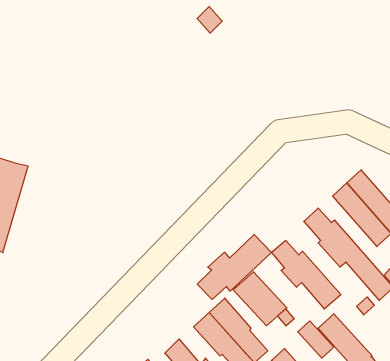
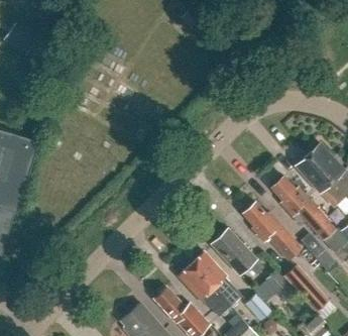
building: [197,234,271,299] -> none

